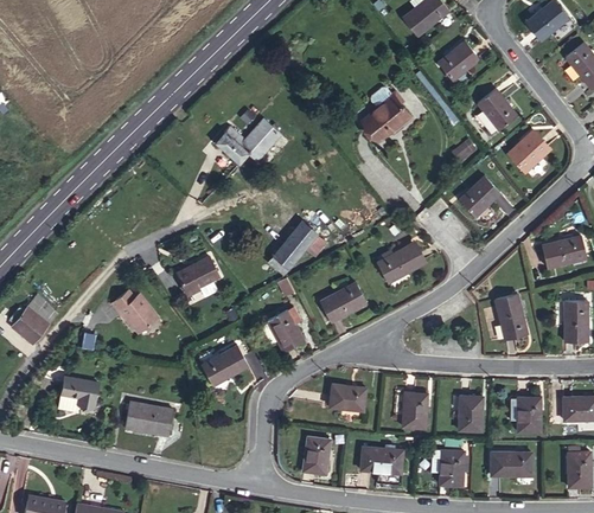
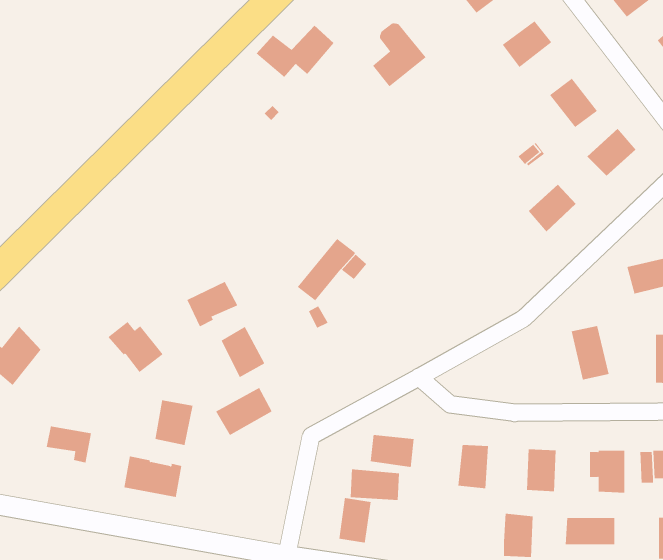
building: [365,88,410,141] -> [372,23,427,87]
building: [216,120,281,163] -> [256,25,335,78]
building: [377,243,424,282] -> none
building: [320,282,368,322] -> none
building: [268,309,305,352] -> [221,326,265,378]
building: none -> [155,399,193,446]
building: [362,447,403,473] -> [350,469,400,500]

